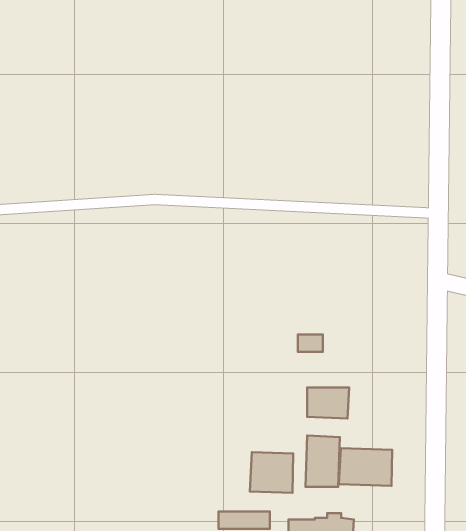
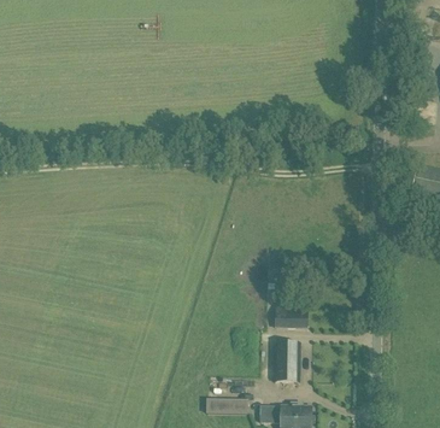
building: [339,448,392,486] -> none
building: [250,452,293,493] -> none

